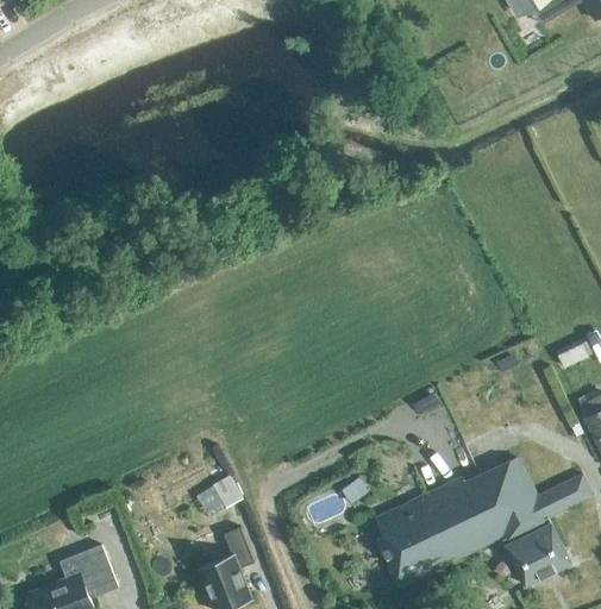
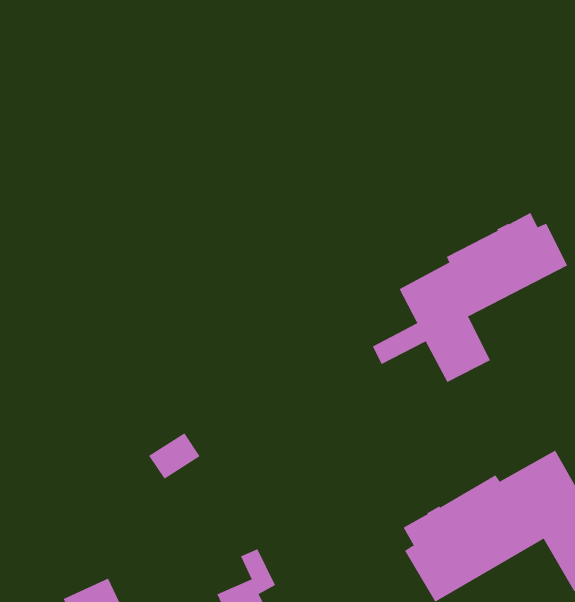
building: none -> [372,212,568,383]
building: [196,477,244,519] -> [148,433,201,480]

